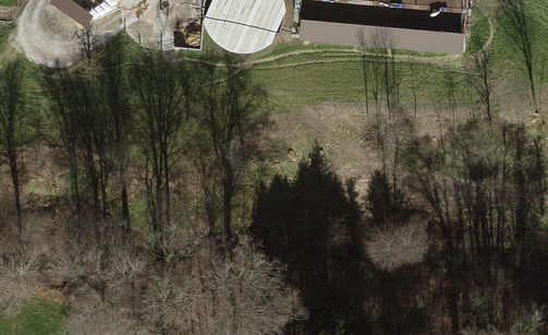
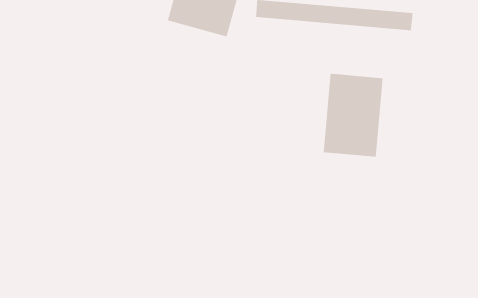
building: none -> [323,73,383,157]

